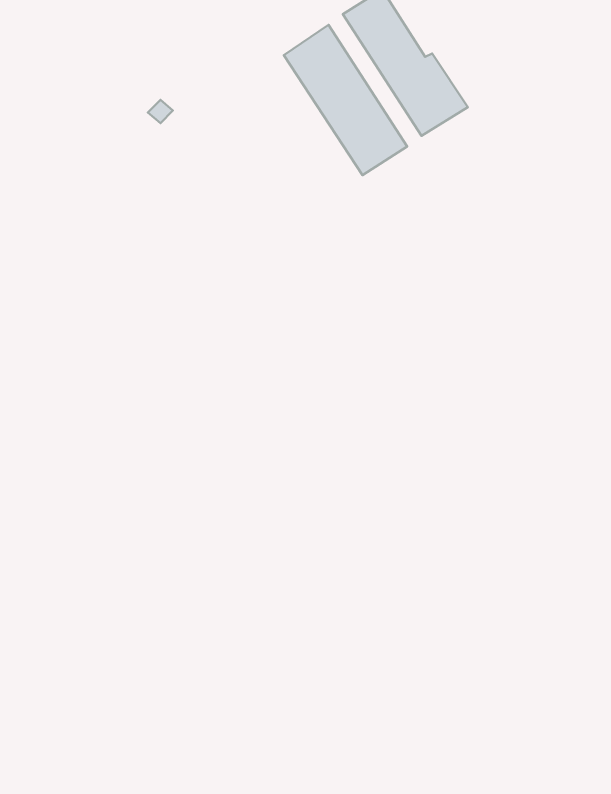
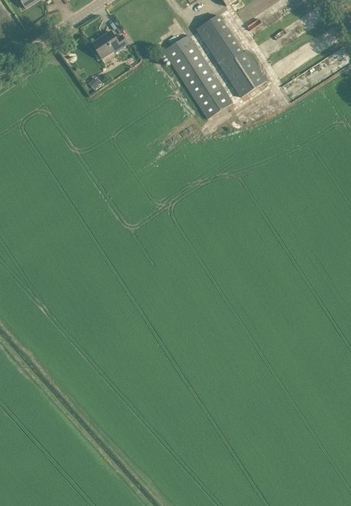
building: none -> [90,30,126,57]

